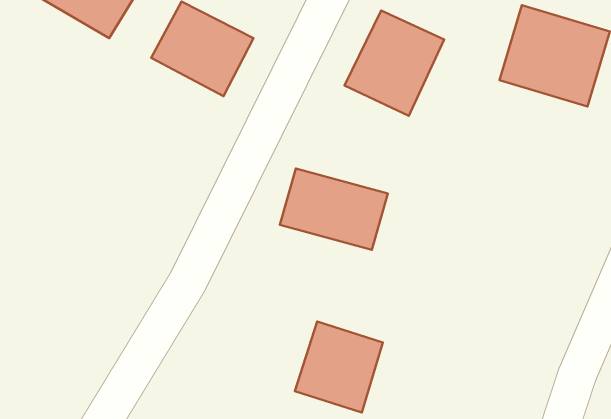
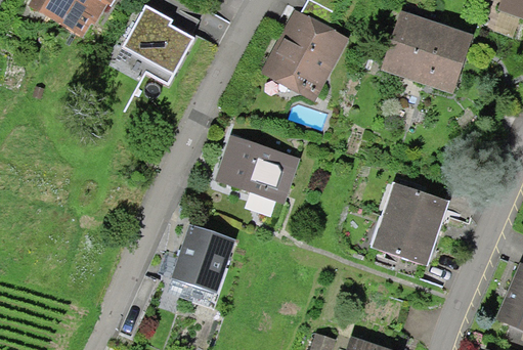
building: none -> [373,186,448,261]
building: [295,322,383,412] -> [170,223,238,294]

